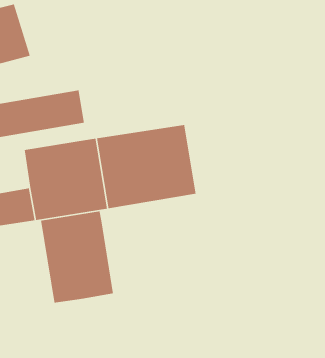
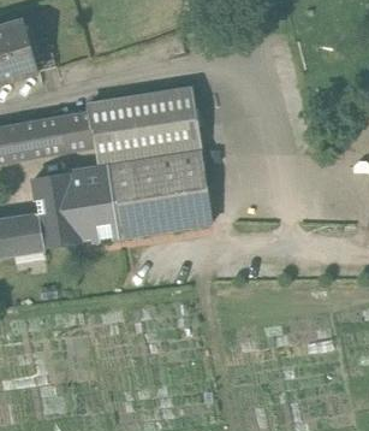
building: none -> [88,87,200,163]
building: [40,210,114,303] -> none

